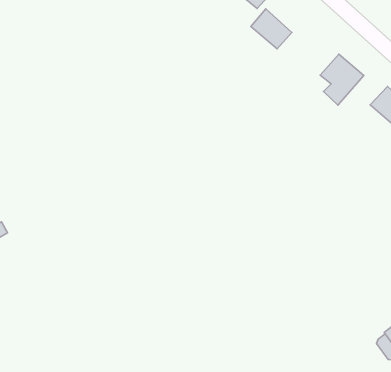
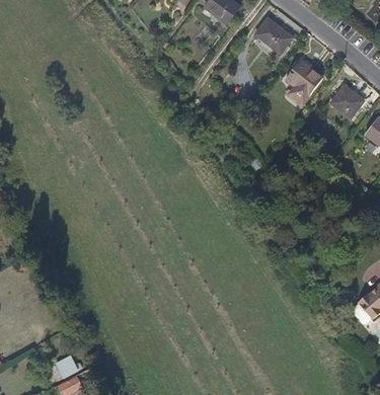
building: [251,9,292,49] -> [256,18,293,53]

